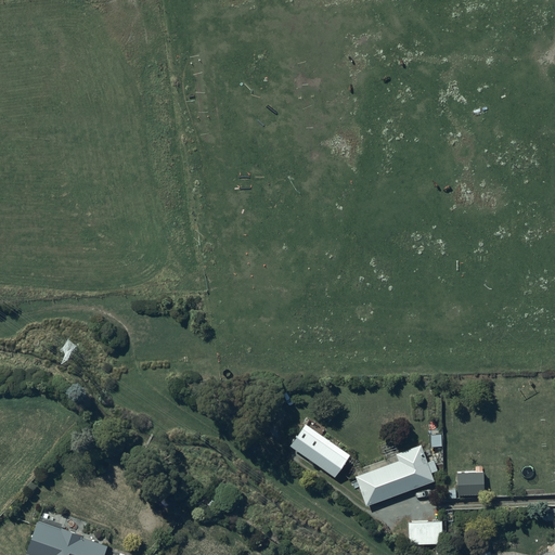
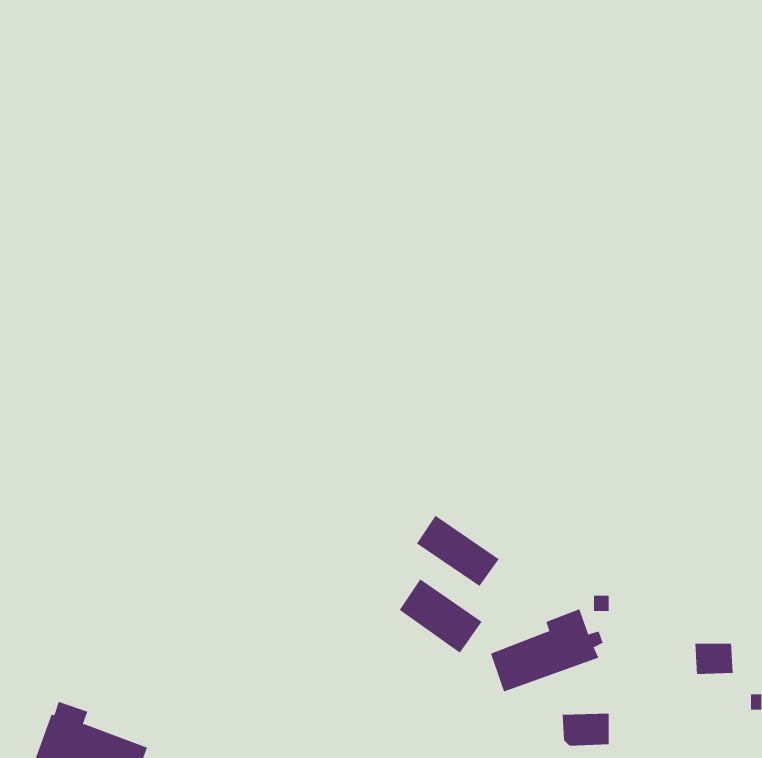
building: none -> [416,515,500,587]
building: [456,474,485,496] -> [695,643,733,675]

